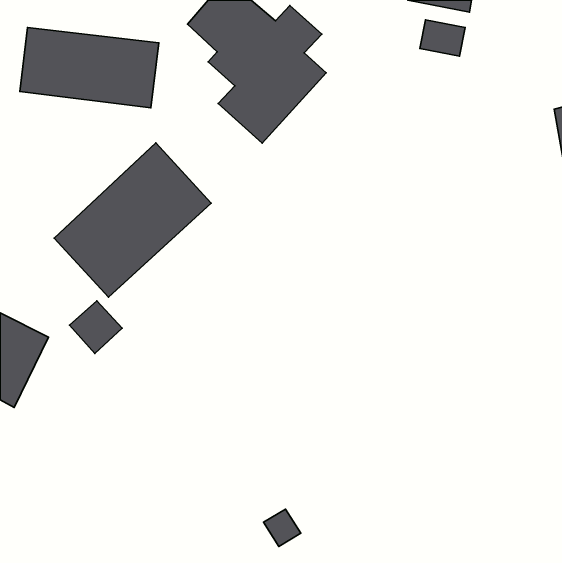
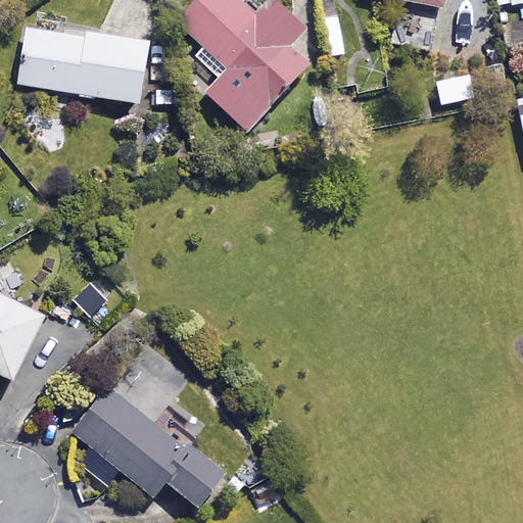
building: [54,143,211,297] -> none
building: none -> [75,386,226,503]

